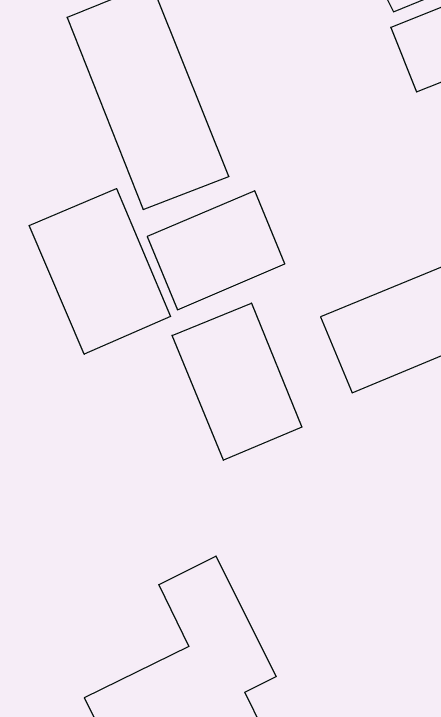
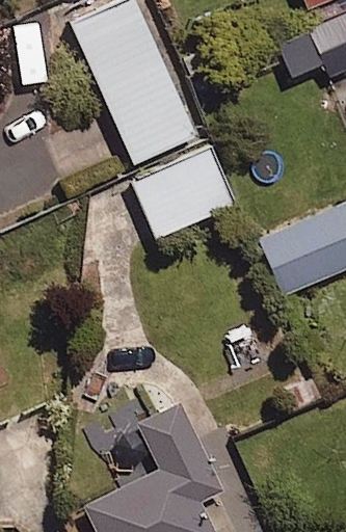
building: [29,189,170,354] -> none
building: [172,303,302,460] -> none

